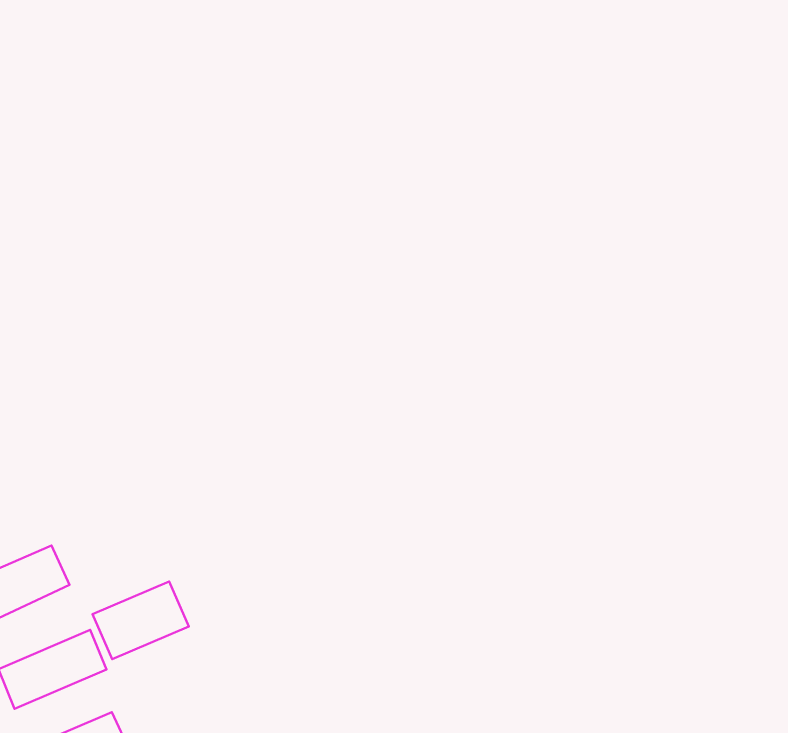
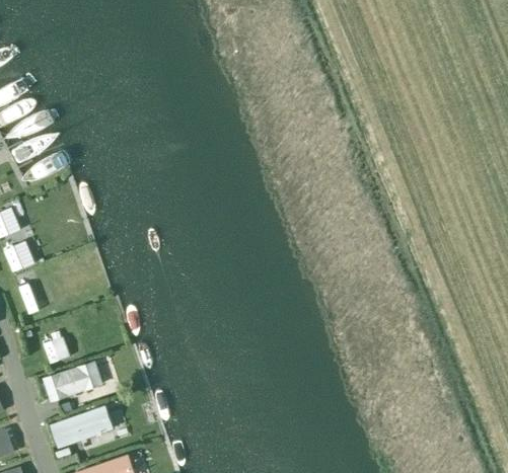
building: [92,581,189,659] -> none

